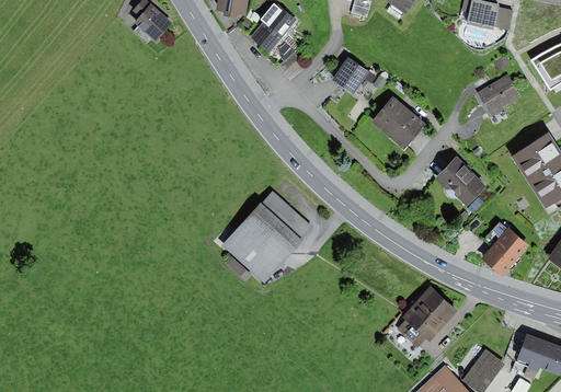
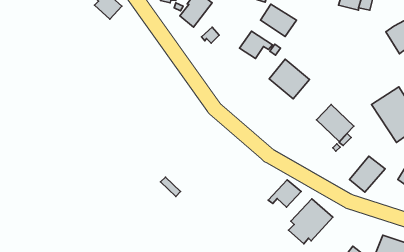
building: none -> [260,4,296,37]
building: [477,73,522,117] -> none
building: [224,191,313,281] -> none
building: none -> [268,180,301,207]

